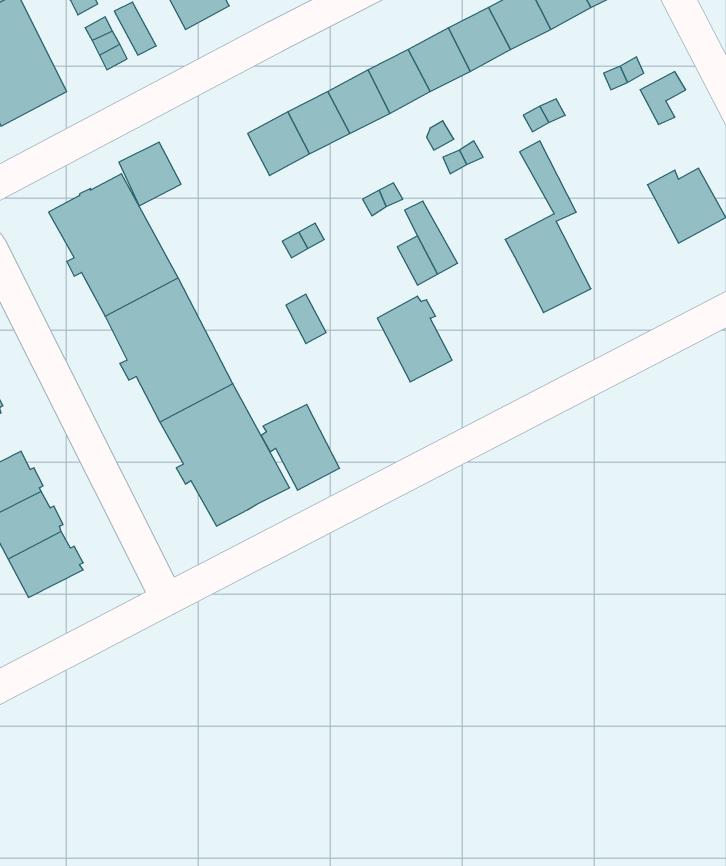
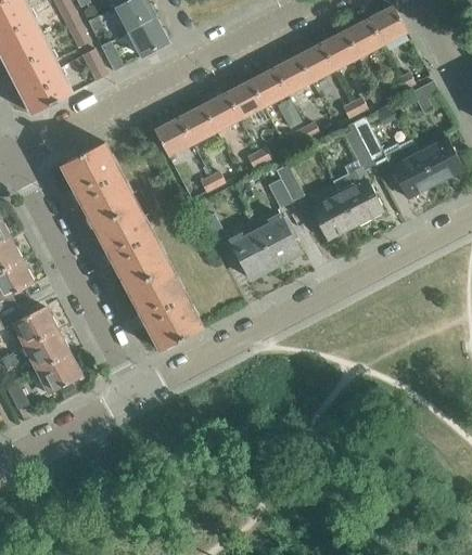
building: none -> [352,116,434,197]
building: [119,142,181,206] -> [154,118,191,156]
building: none -> [310,191,354,240]
building: [261,404,340,490] -> [228,228,275,279]

